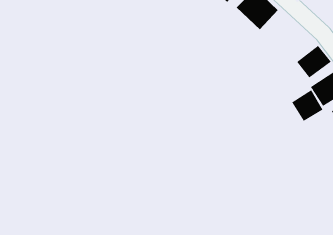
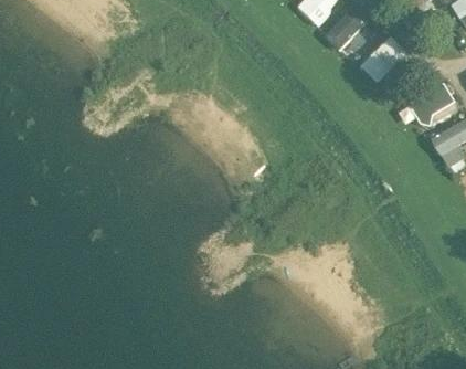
building: none -> [359,39,404,85]
building: [291,89,324,122] -> none

